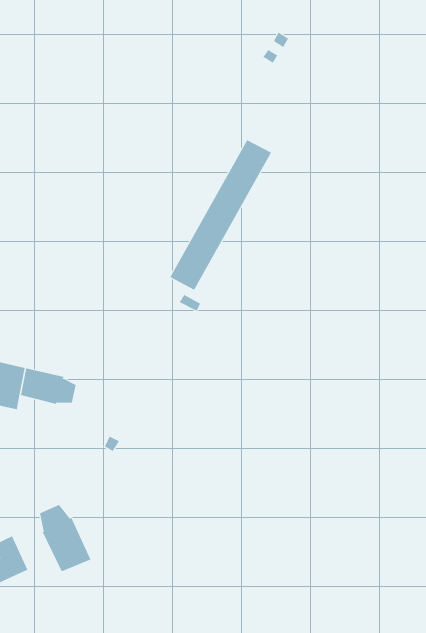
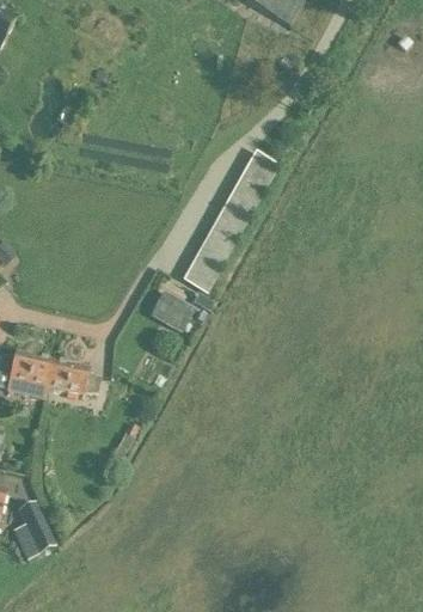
building: none -> [151,288,197,331]
building: [39,504,91,572] -> none

